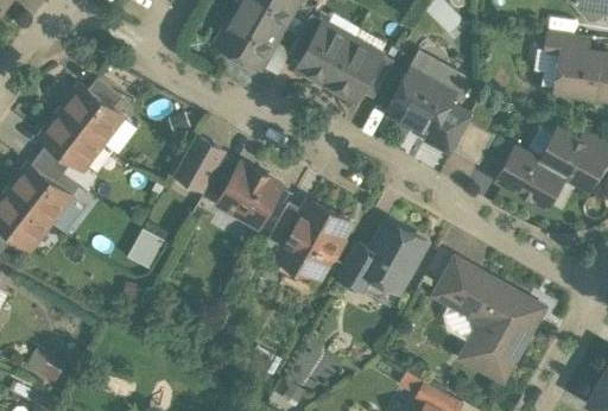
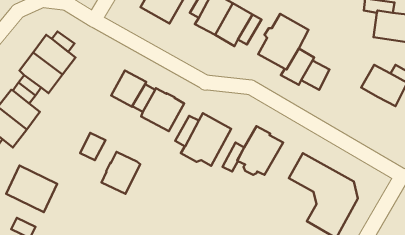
building: [498,147,565,207] -> none
building: none -> [101,152,140,194]
building: none -> [6,166,57,212]

